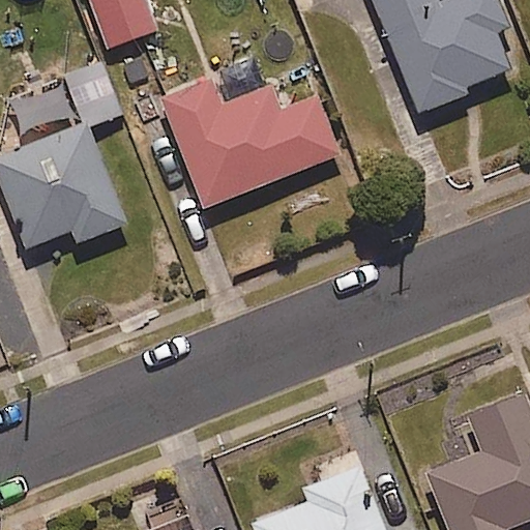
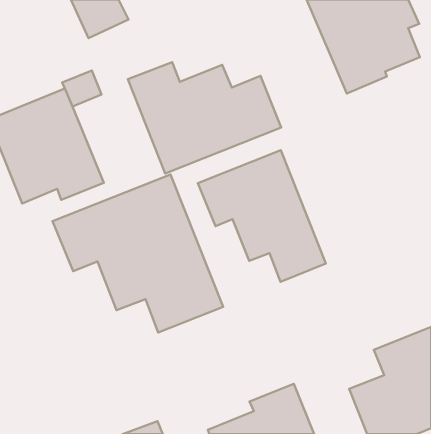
building: none -> [198,150,326,282]
building: none -> [52,174,223,333]

